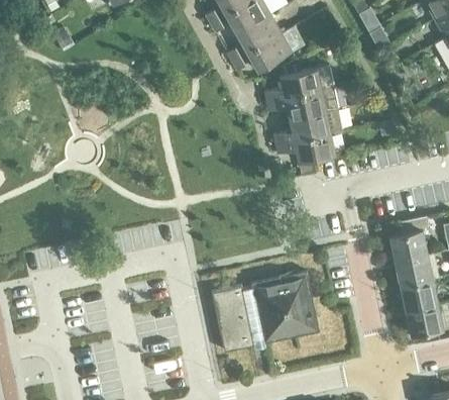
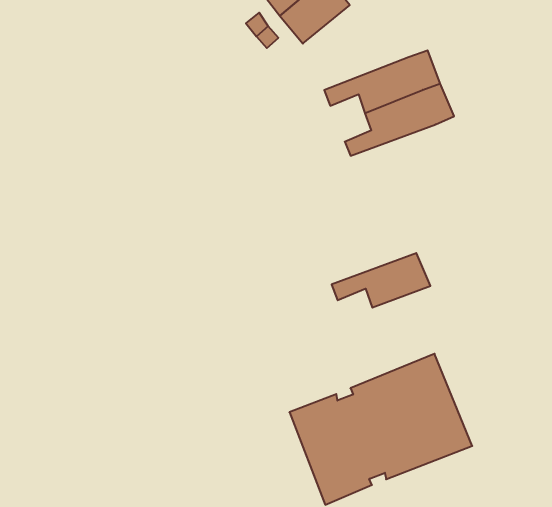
building: [264,67,333,101] -> none
building: [275,133,335,162] -> [332,253,430,308]

